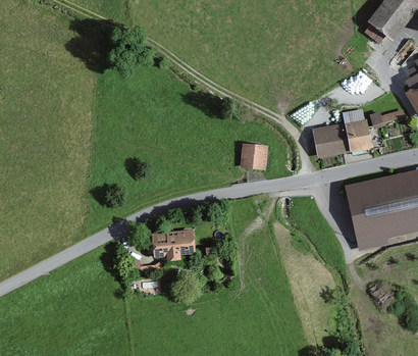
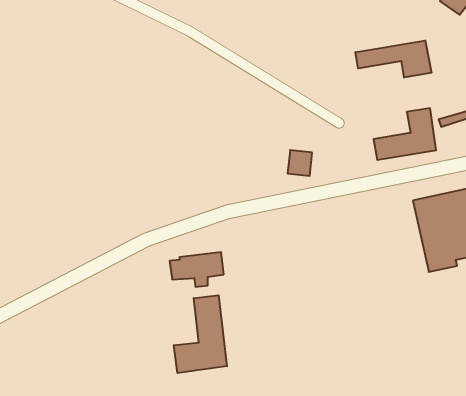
building: none -> [356,40,432,78]
building: none -> [174,295,227,373]

